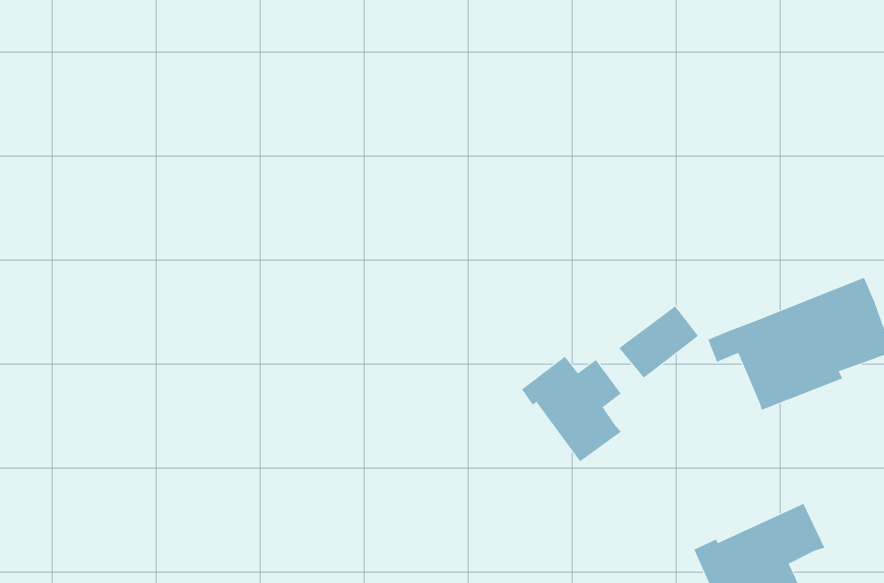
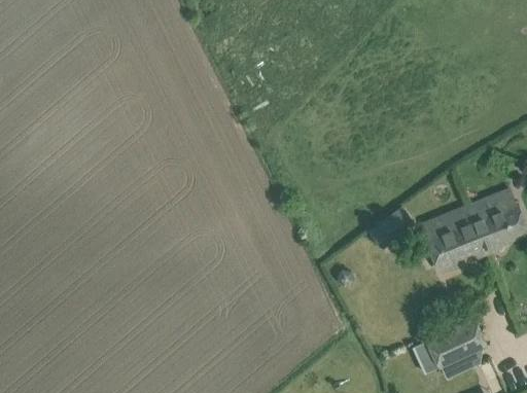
building: [521,356,622,462] -> none

